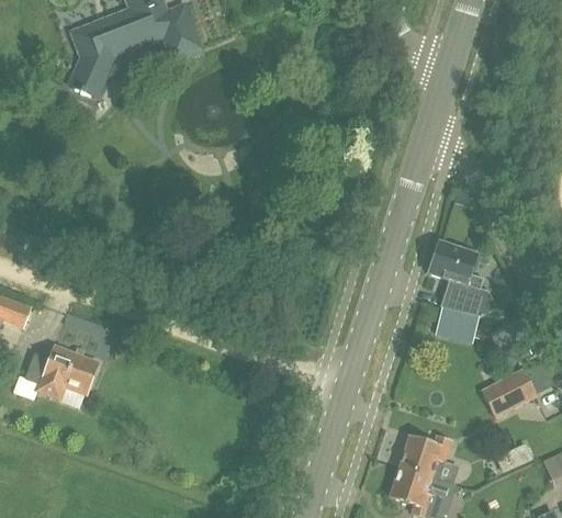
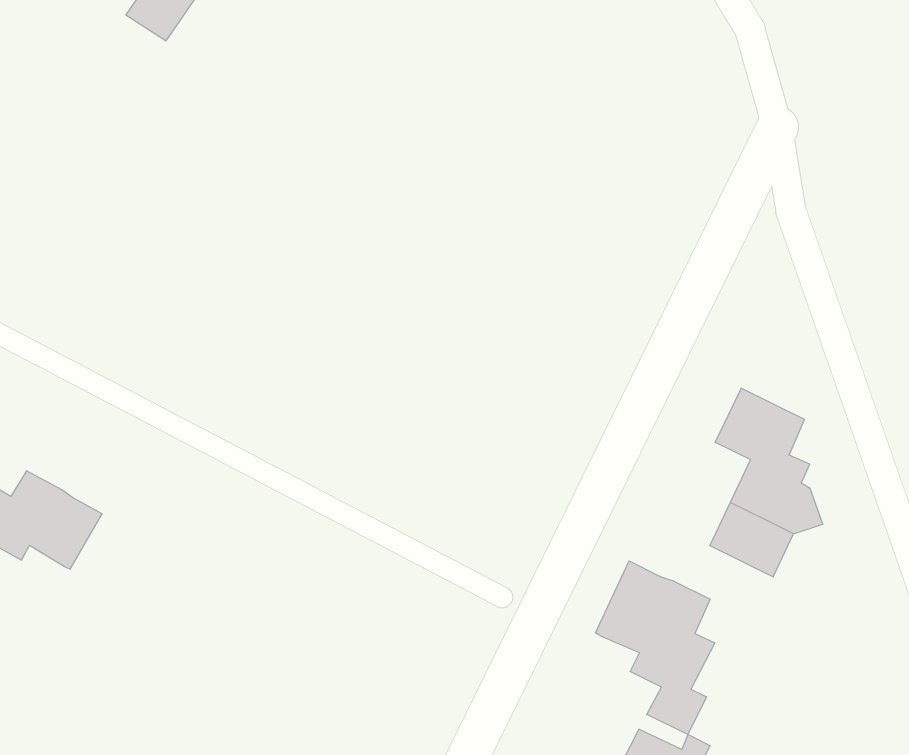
building: none -> [595,561,715,735]
building: [481,369,535,416] -> none

